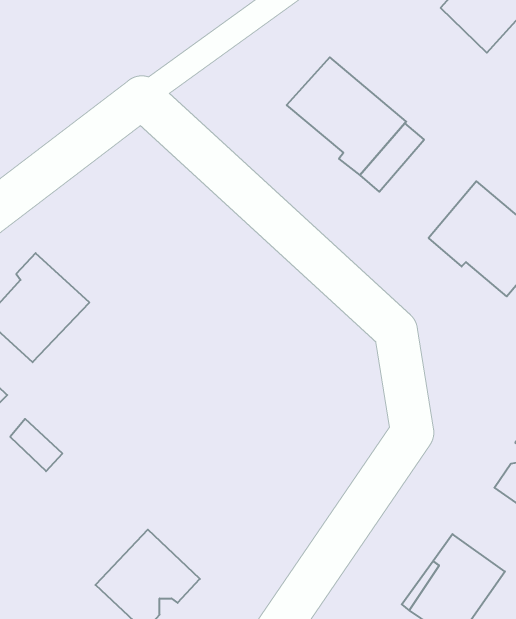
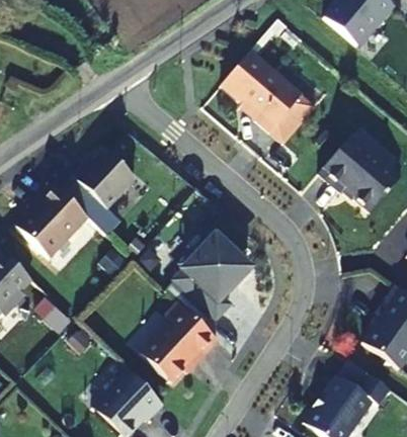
building: none -> [63,149,137,234]
building: none -> [174,236,248,318]
building: none -> [141,301,218,381]

